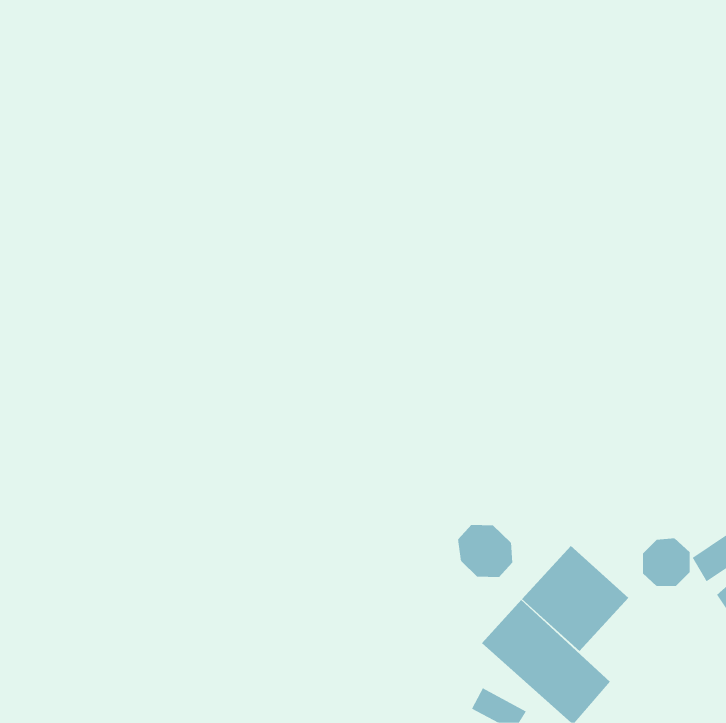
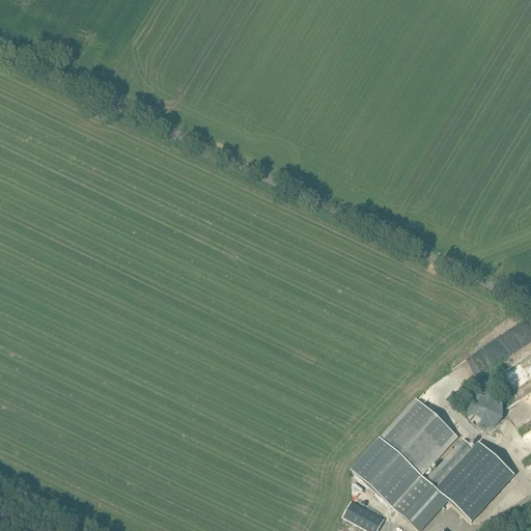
building: [458,524,513,578] -> none
building: none -> [428,440,515,521]

